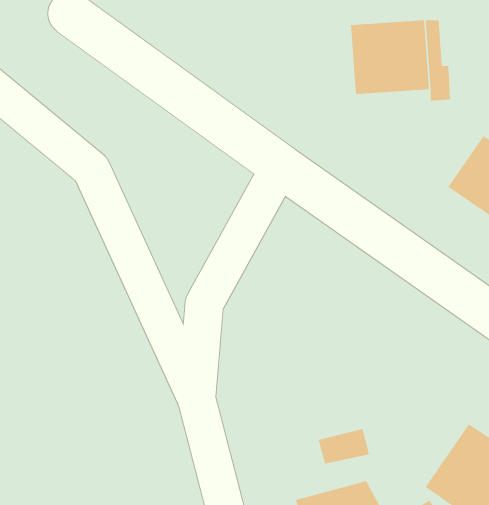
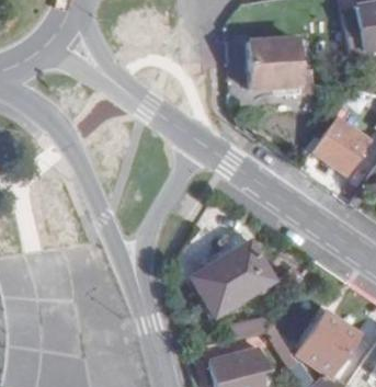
building: none -> [190,243,273,317]

